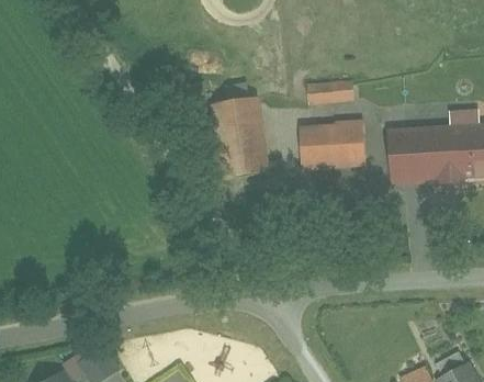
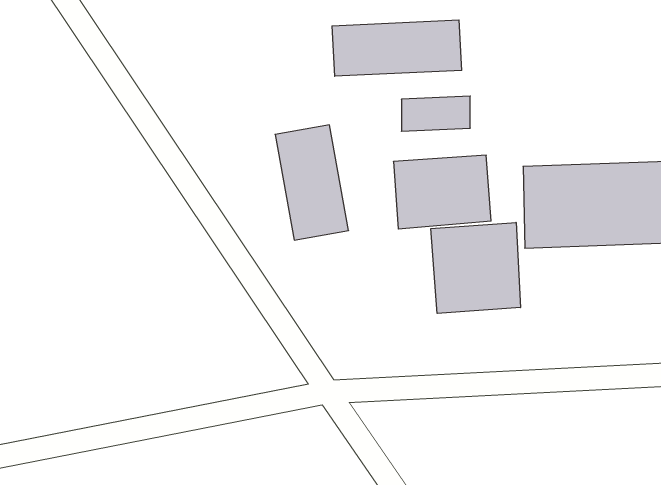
building: none -> [332,20,462,76]
building: none -> [431,222,520,313]

